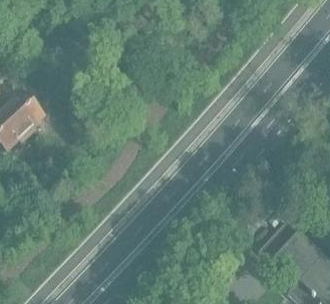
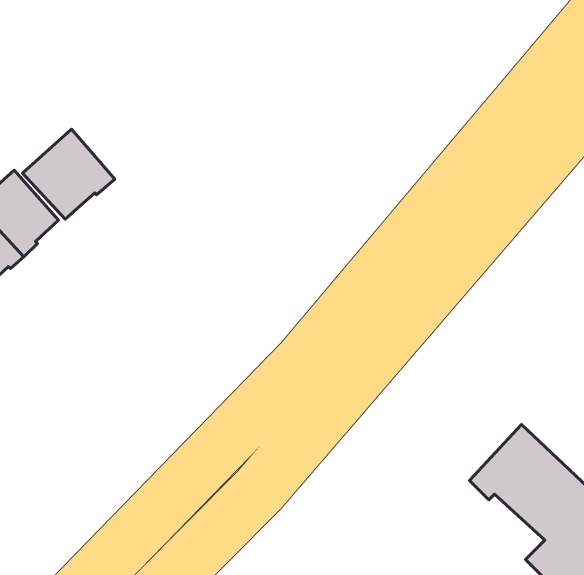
building: none -> [23,129,115,219]

